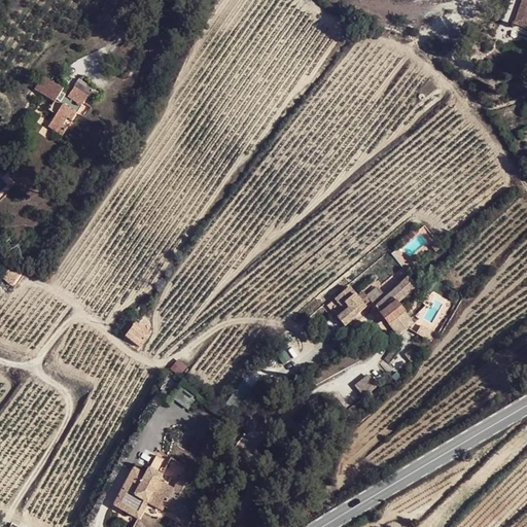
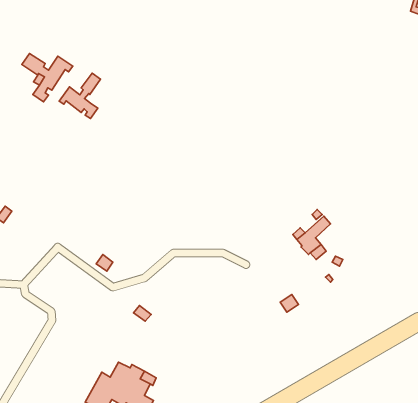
building: none -> [59,73,100,119]
building: [336,287,363,323] -> none

